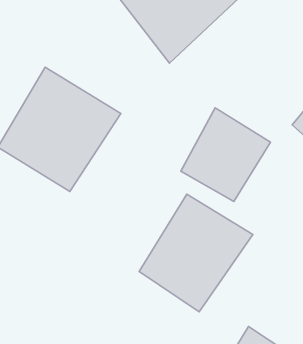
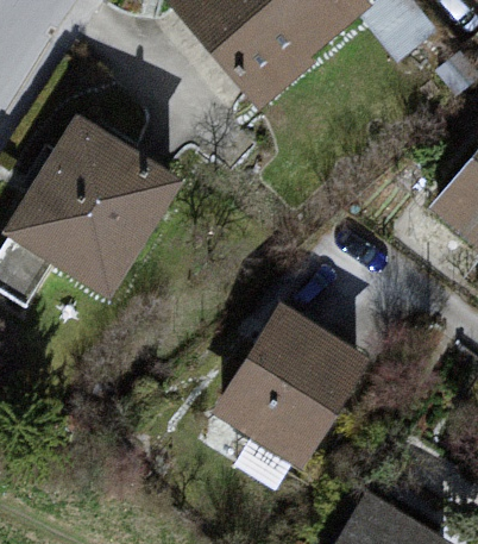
building: [181,108,270,201] -> none

